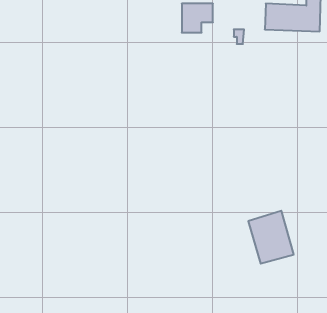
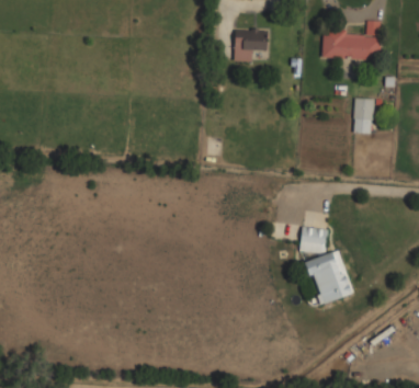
building: none -> [354,98,373,133]
building: none -> [298,227,326,253]

